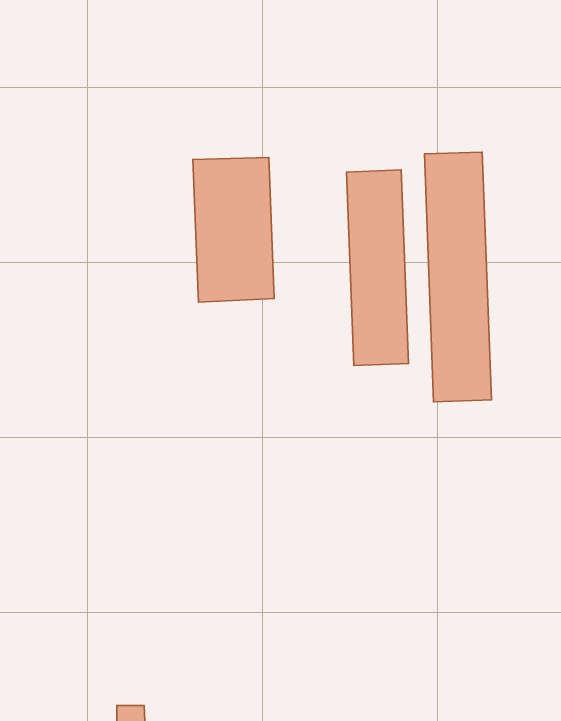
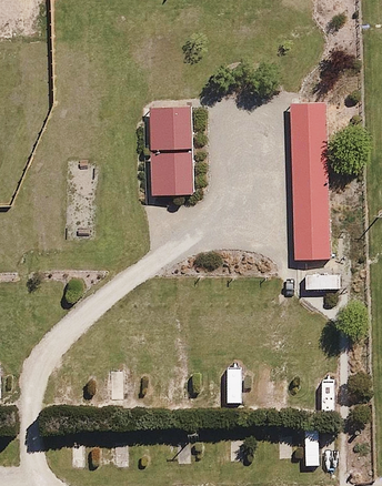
building: [347,170,408,366] -> none

